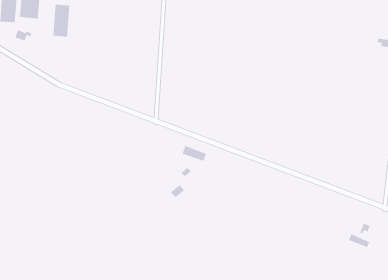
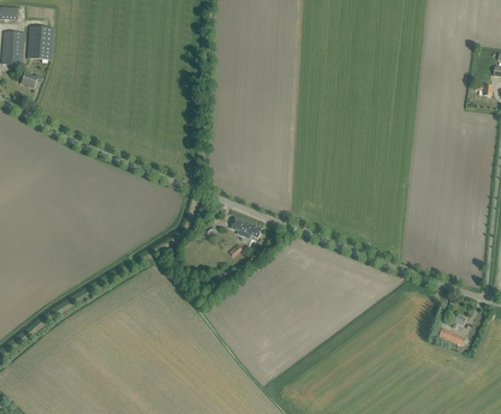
building: [53,4,70,38] -> none

